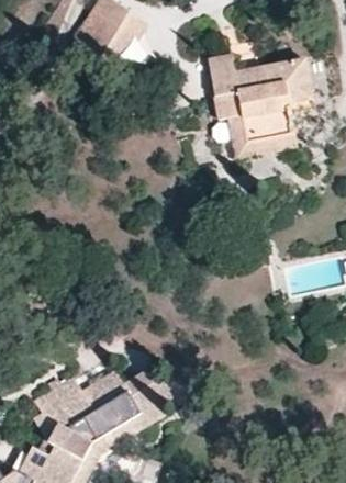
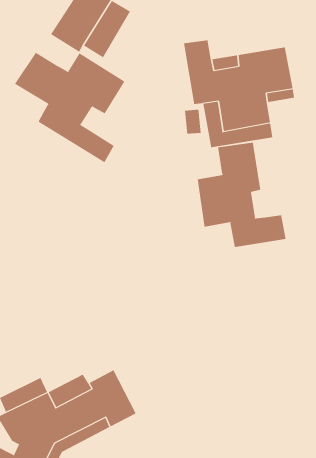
building: none -> [14,52,125,163]
building: none -> [197,142,286,248]

